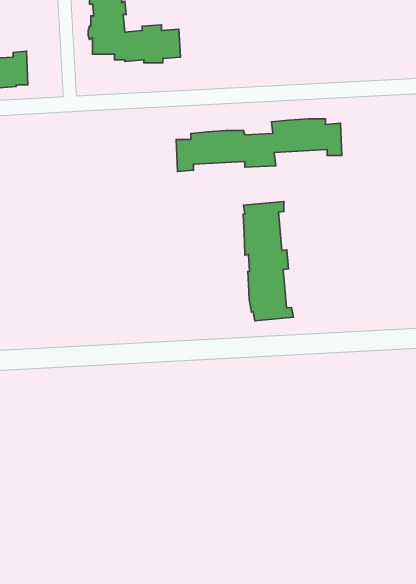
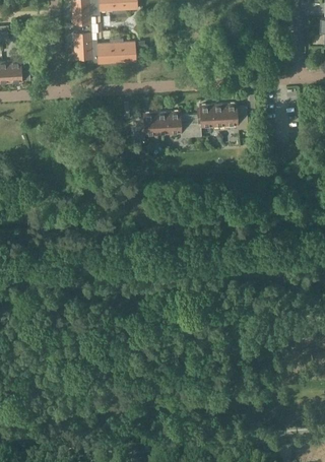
building: [243,201,293,321] -> none

